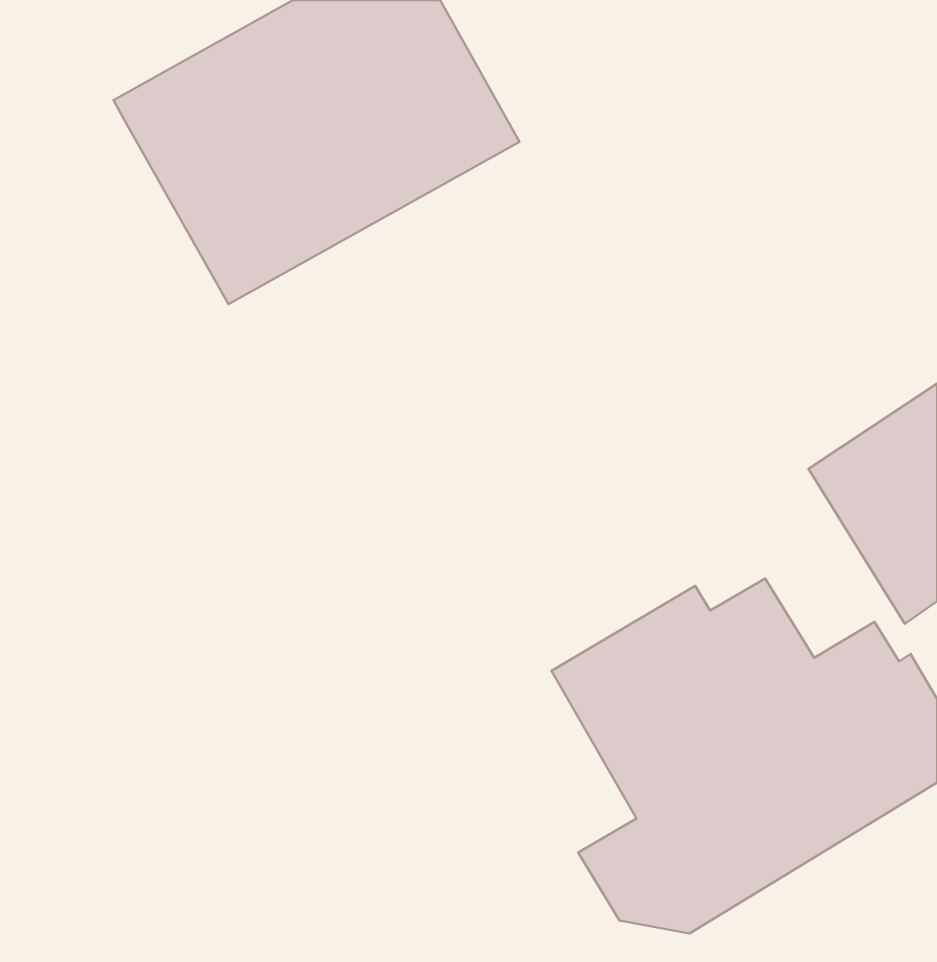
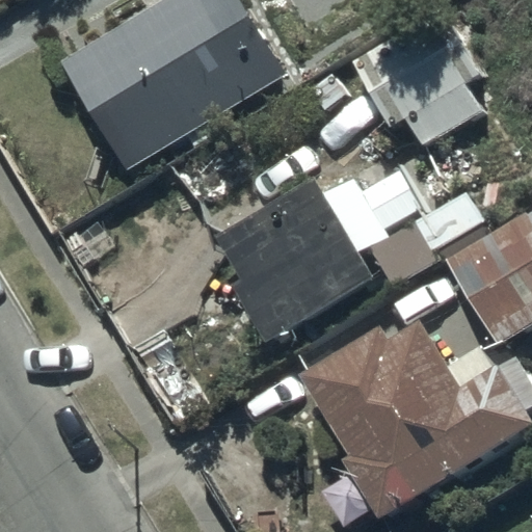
building: none -> [345,7,475,150]
building: none -> [218,178,482,344]

